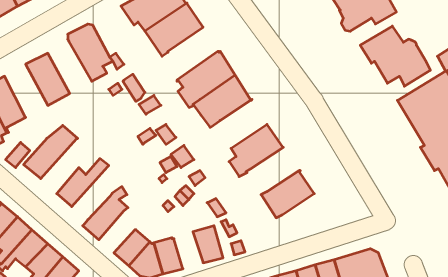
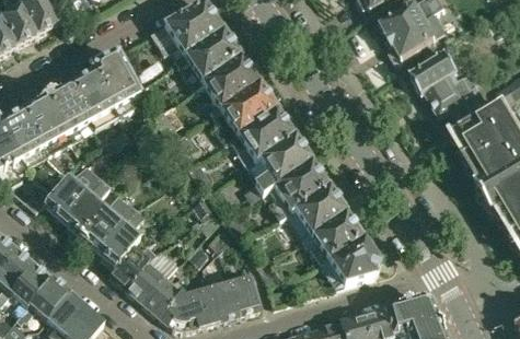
building: none -> [201,56,256,114]
building: none -> [70,71,118,128]
building: none -> [23,96,70,154]
building: none -> [247,135,311,195]
building: none -> [62,177,111,237]
building: none -> [287,187,345,238]
building: none -> [96,207,145,266]
building: none -> [320,237,380,285]
building: none -> [126,253,174,302]
building: none -> [206,279,240,319]

